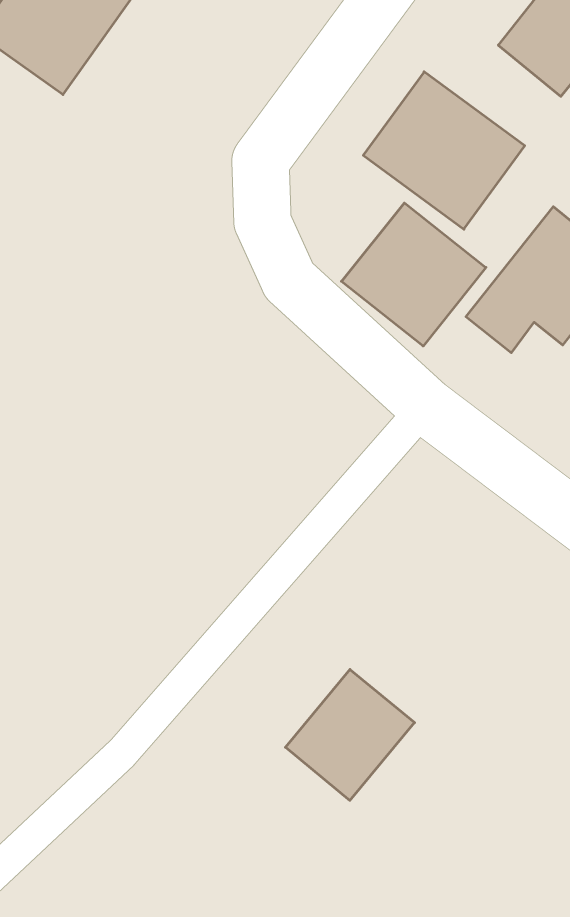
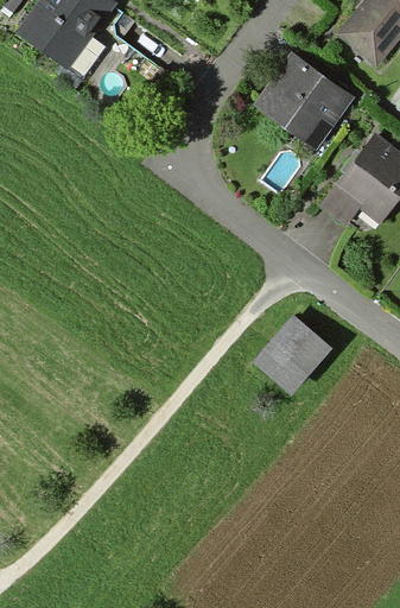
building: [341,203,486,346] -> none
building: [285,669,415,800] -> [254,314,335,395]

